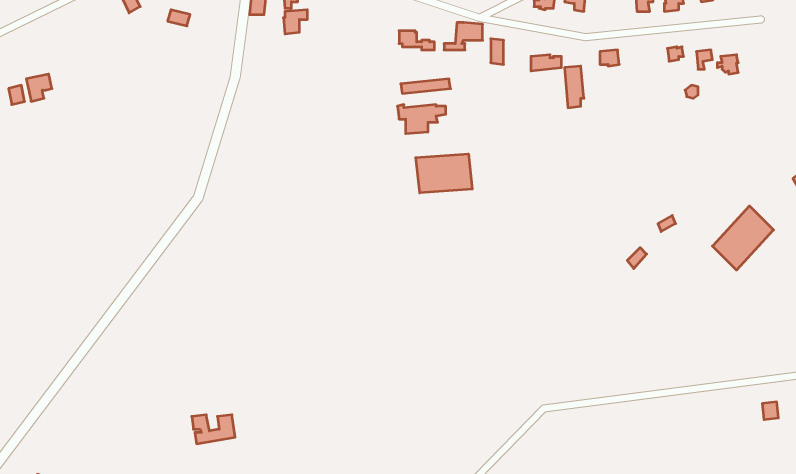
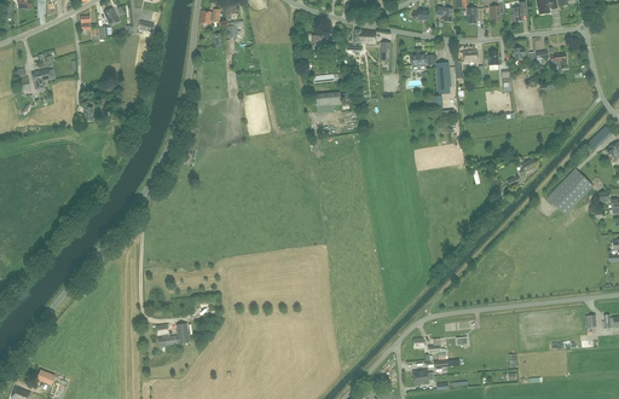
building: [416,154,472,193] -> none

